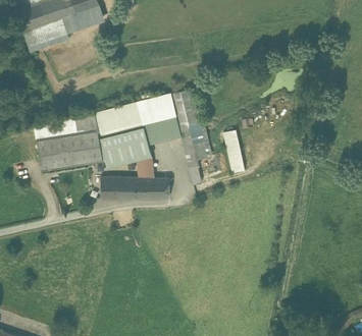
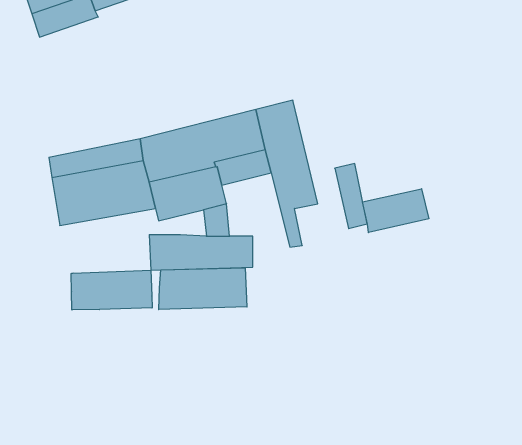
building: none -> [363,189,429,233]
building: none -> [159,268,247,310]
building: none -> [71,270,152,310]

